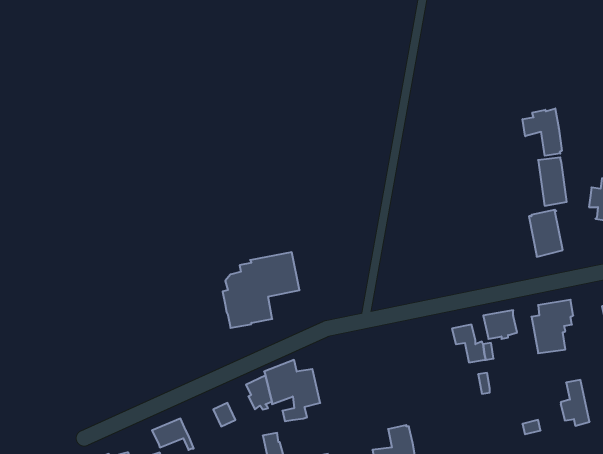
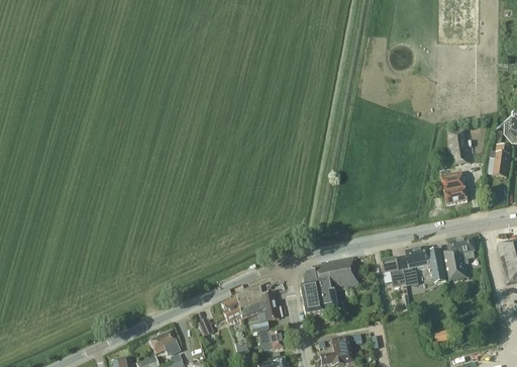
building: [523,108,562,156] -> none
building: [223,252,300,328] -> [300,257,359,315]
building: [561,380,590,426] -> [425,249,447,284]
building: none -> [258,330,284,351]

